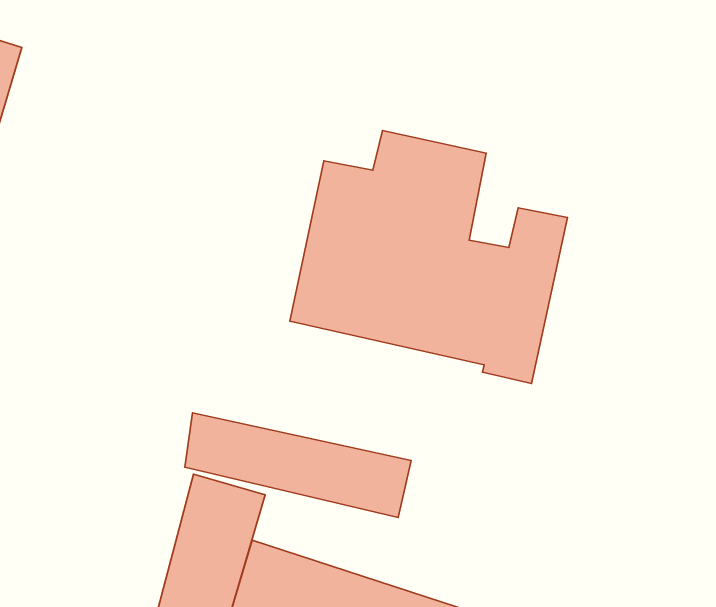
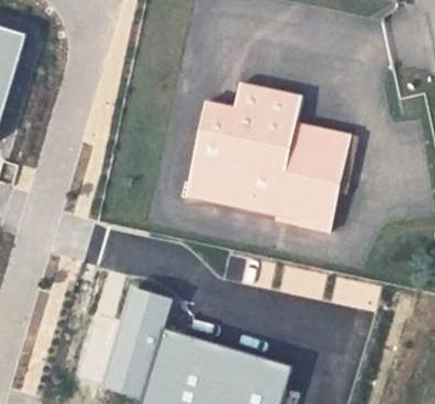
building: [185,413,411,518] -> none

